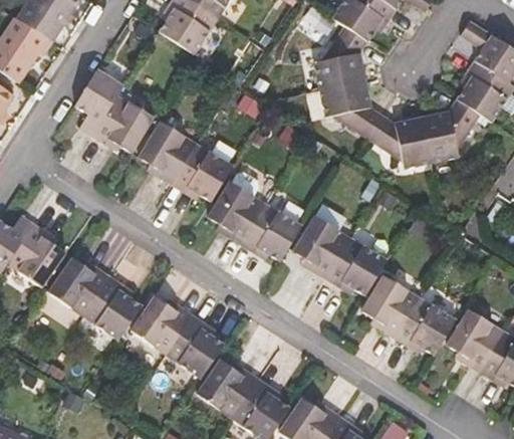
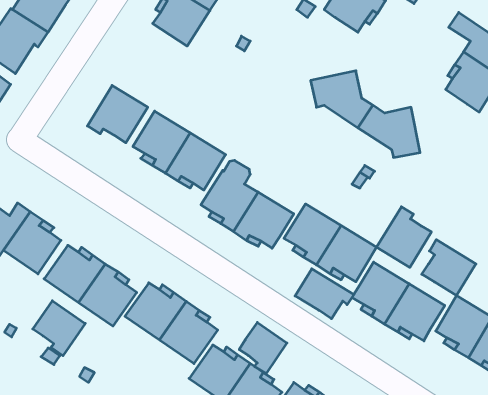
building: [314,25,367,89] -> none
building: [74,70,122,136] -> none
building: [422,98,479,163] -> none
building: none -> [377,207,431,267]
building: none -> [422,240,476,296]
building: none -> [295,269,354,319]
building: none -> [33,301,85,356]
building: none -> [239,322,287,374]

